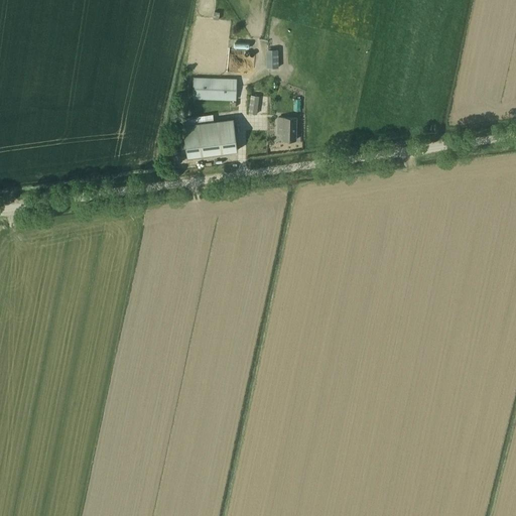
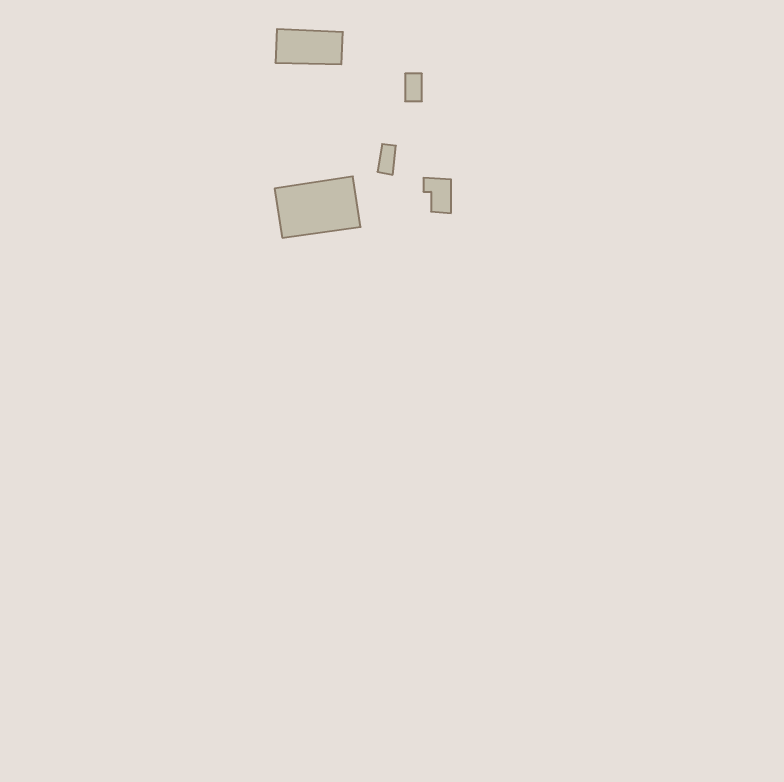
building: [192,78,237,101] -> [275,29,343,64]

